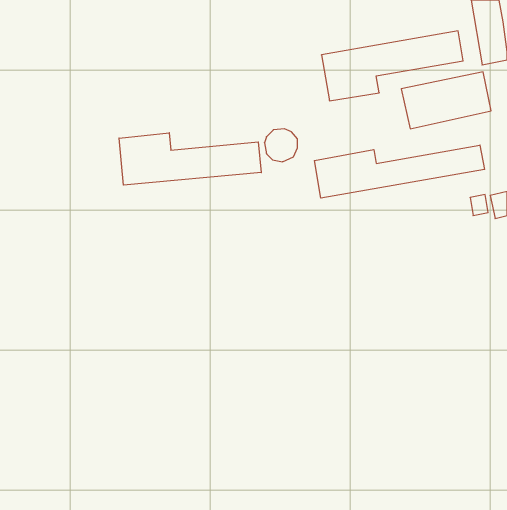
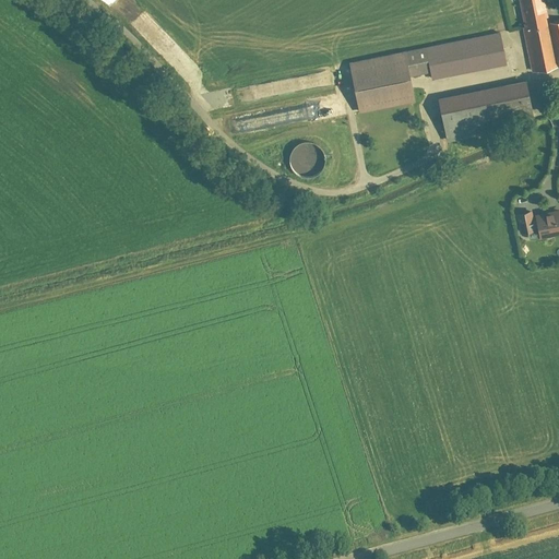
building: [119,133,261,185] -> none
building: [314,145,485,198] -> none

